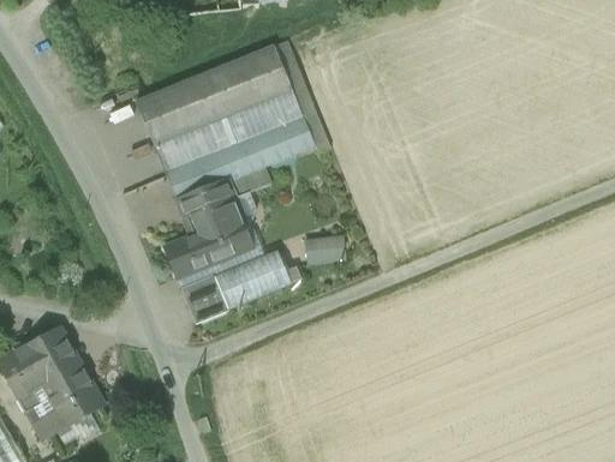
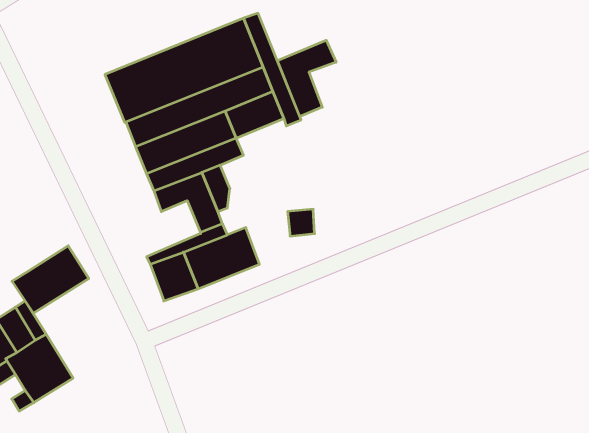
building: none -> [278,40,336,117]
building: [161,226,228,281] -> none
building: none -> [12,246,89,313]

